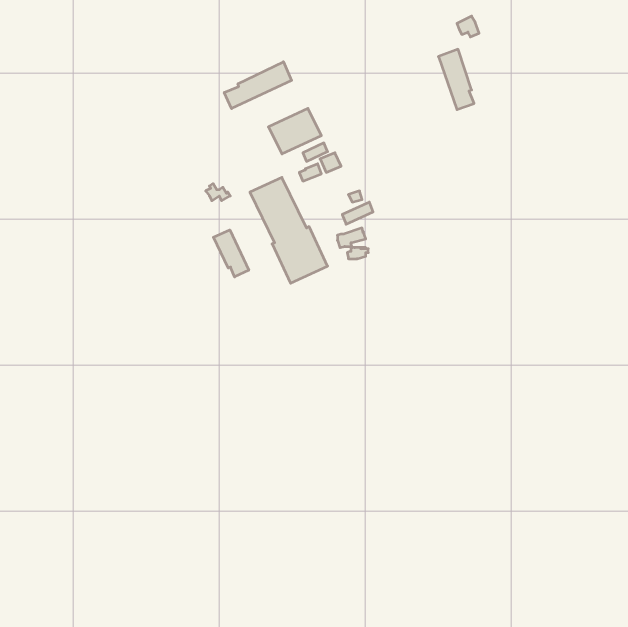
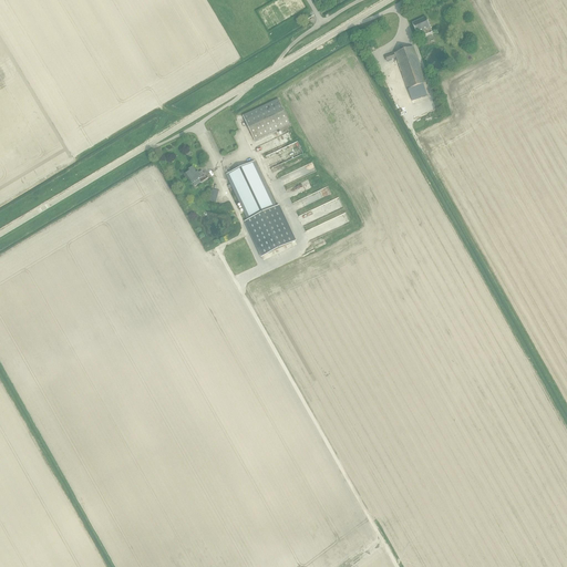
building: [224,62,292,109] -> none
building: [213,230,249,277] -> none

